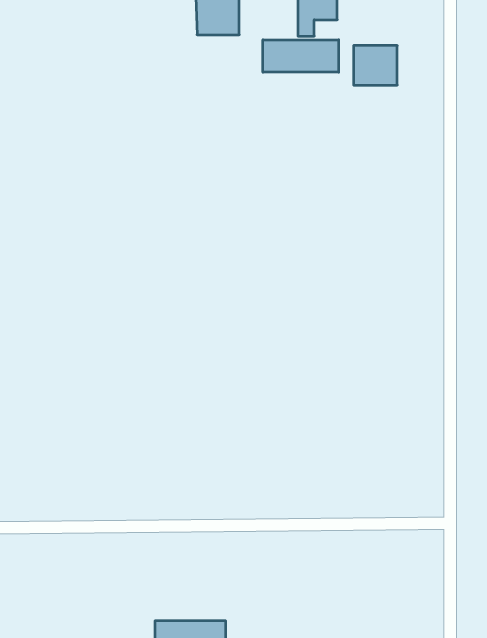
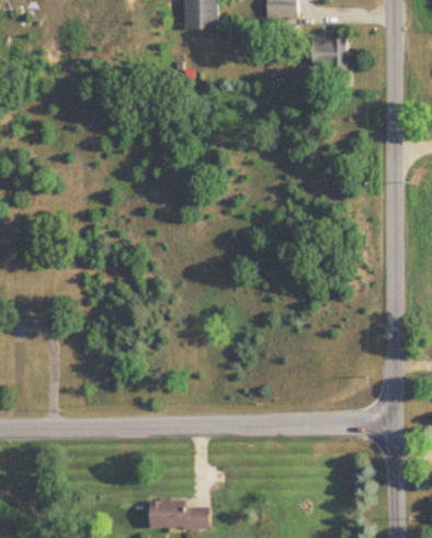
building: [263,40,339,72] -> none

